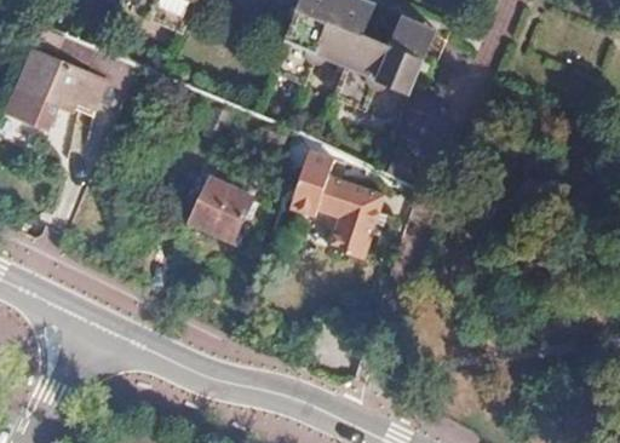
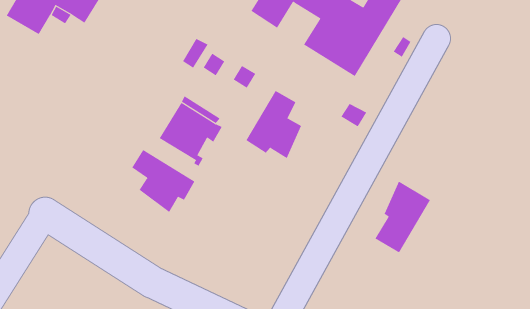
building: [326,183,380,260] -> [375,181,431,253]
building: none -> [131,149,195,213]

